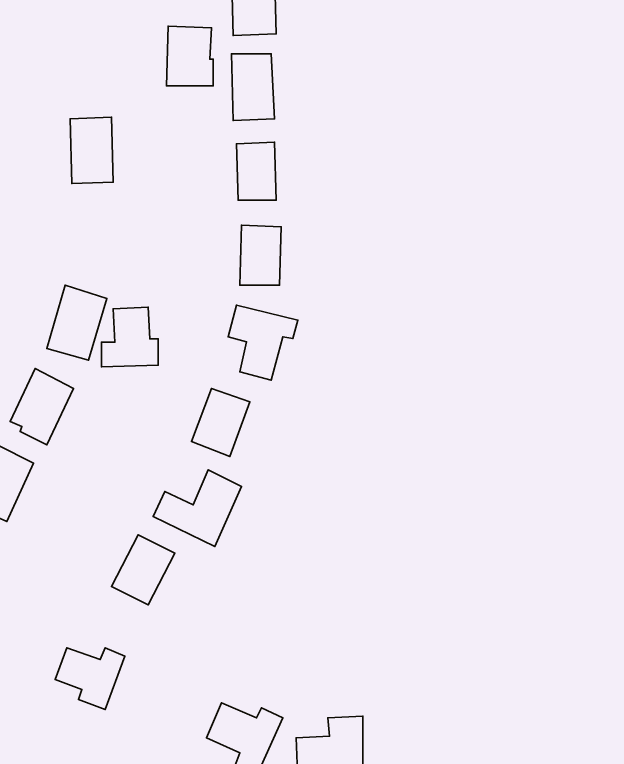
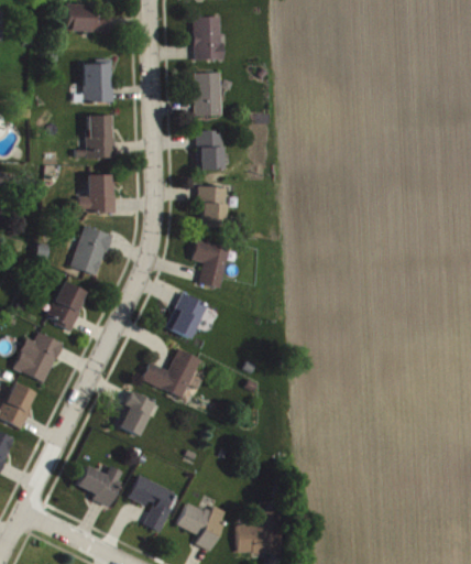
building: [167,26,213,86] -> [81,63,112,102]
building: [101,307,158,367] -> [78,174,116,214]
building: none -> [128,475,174,532]

